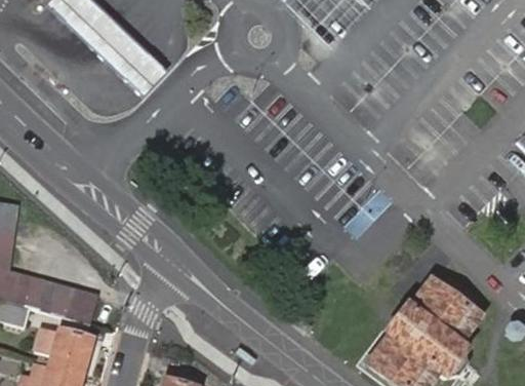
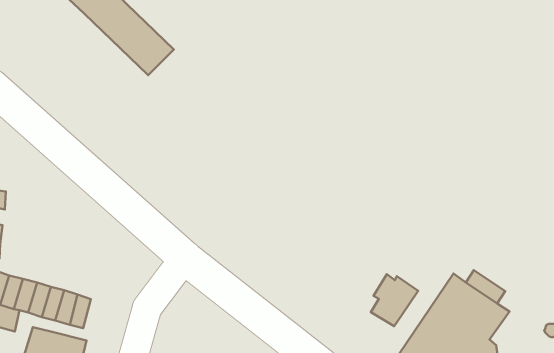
building: none -> [371,274,418,326]

